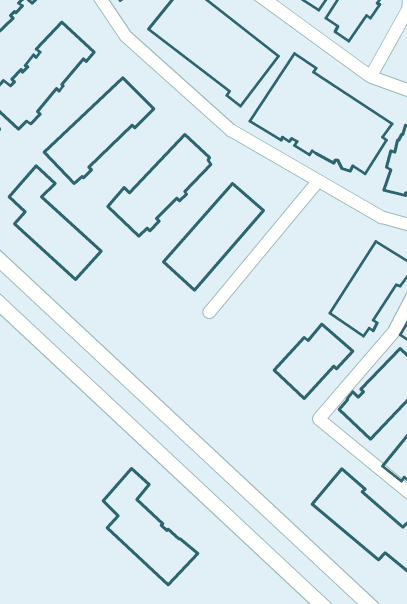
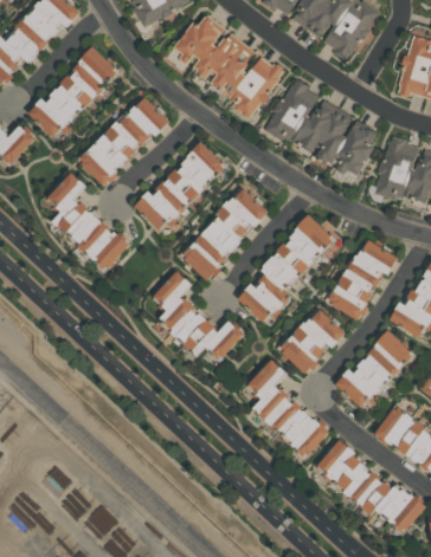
building: none -> [237,214,336,320]
building: none -> [150,270,244,361]
building: [103,468,198,585] -> [246,357,329,459]

